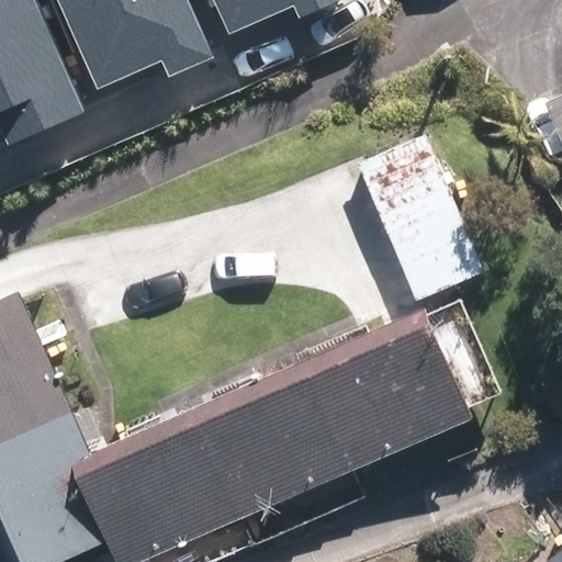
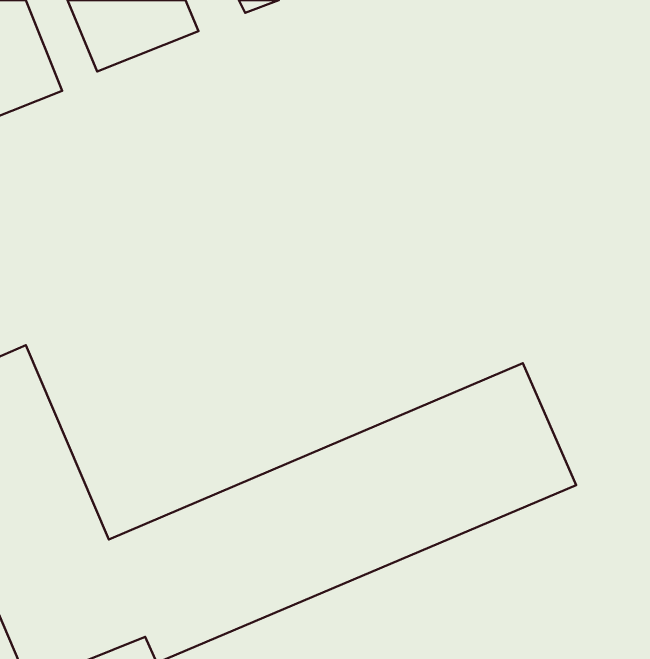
building: [359,136,480,295] -> none

